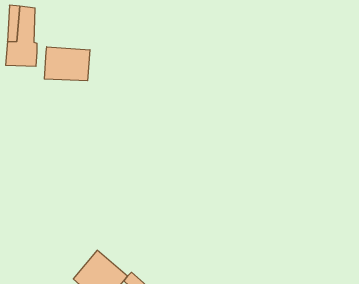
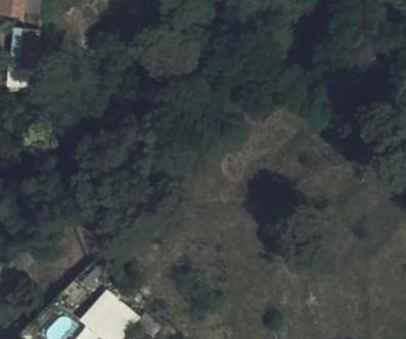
building: [44,47,90,81] -> none

